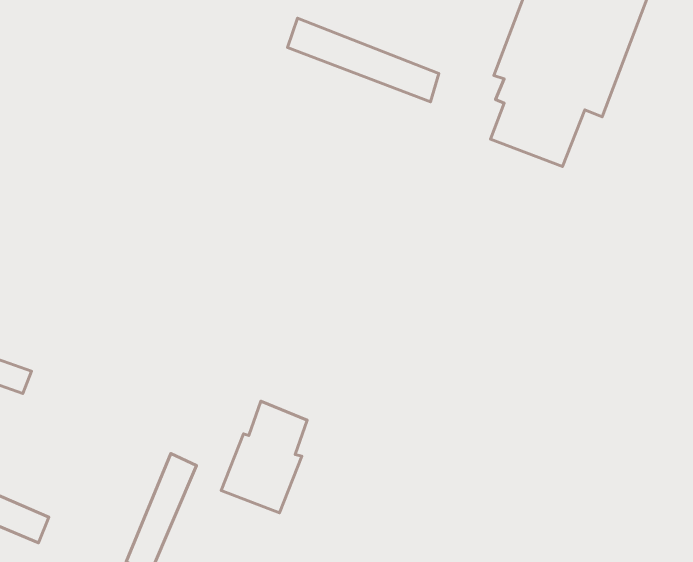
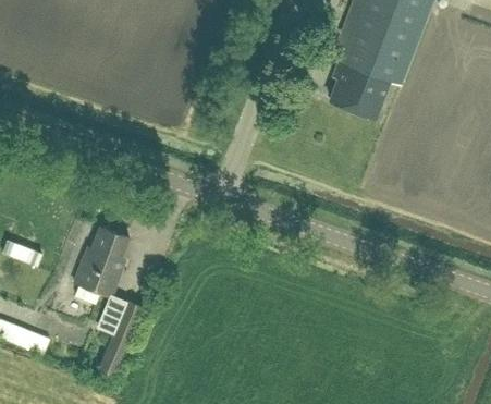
building: [288,18,439,102] -> none
building: [221,401,307,513] -> [74,227,128,297]

